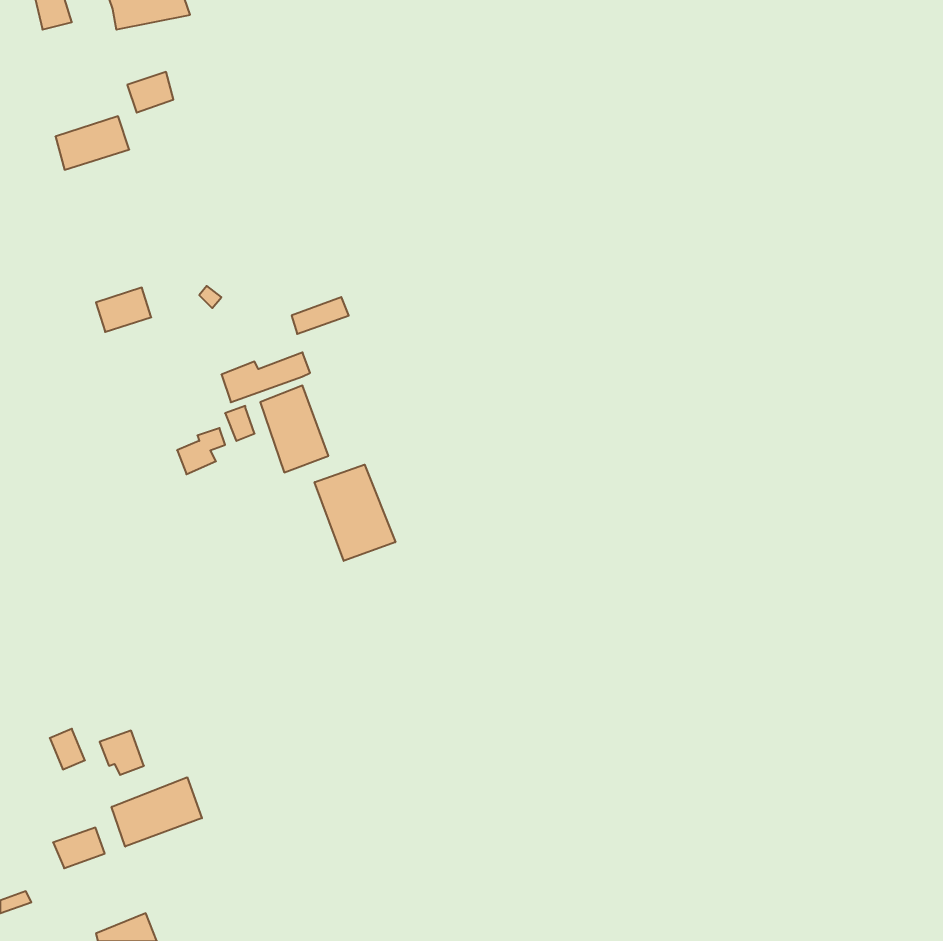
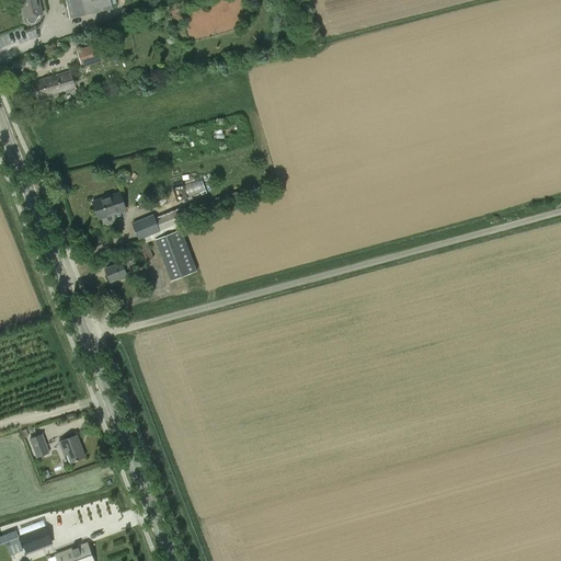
building: [96,288,151,332] -> [93,193,126,219]
building: [315,465,395,561] -> none
building: [112,777,202,847] -> none
building: [53,828,105,868] -> [21,526,51,550]

